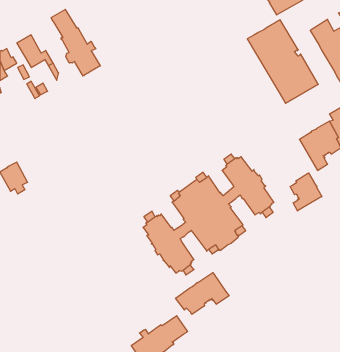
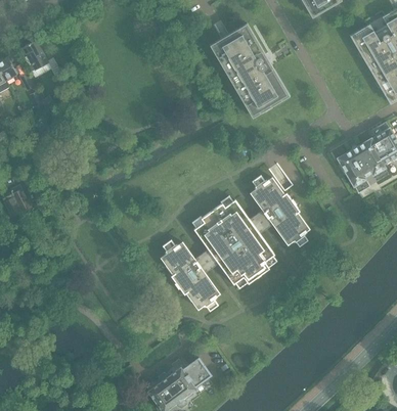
building: [51,9,100,76] -> none
building: [247,20,318,103] -> [210,24,290,118]
building: [290,173,322,211] -> none
building: [176,273,229,314] -> none

